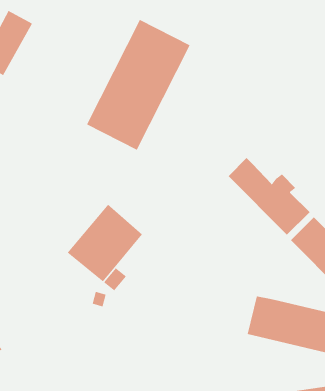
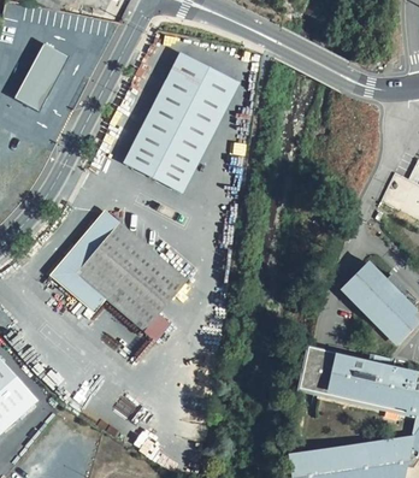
building: [228,157,310,236] -> none
building: none -> [49,217,149,314]

